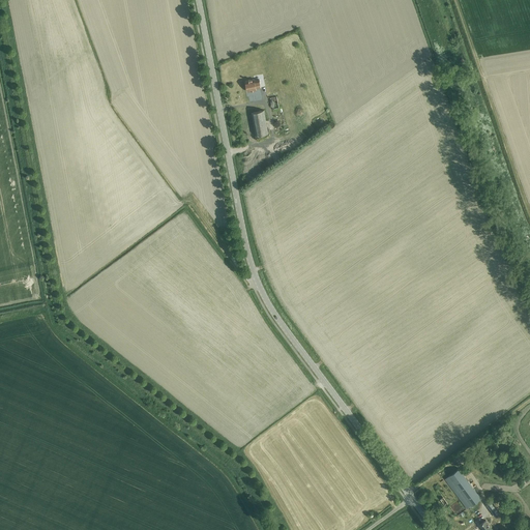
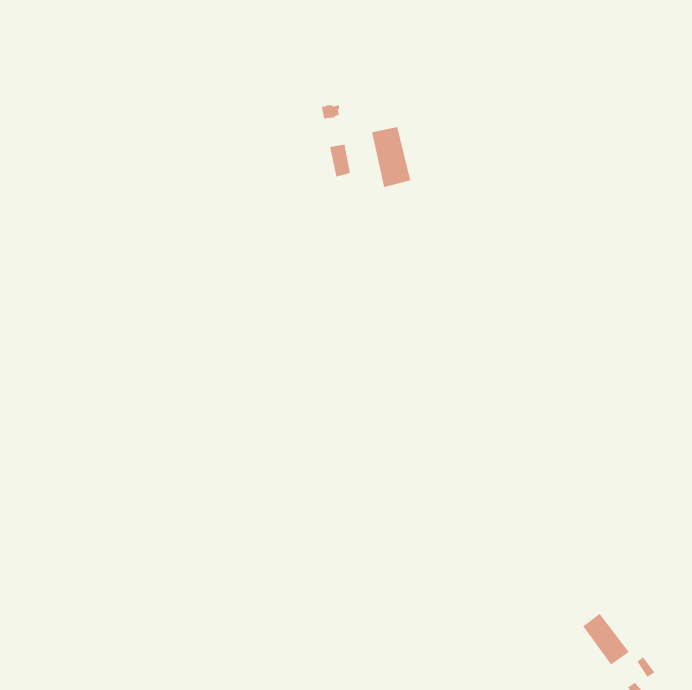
building: none -> [371,126,411,188]

